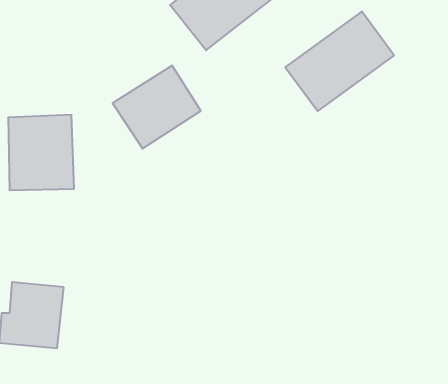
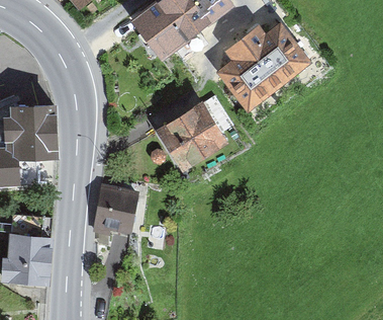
building: [113,66,201,149] -> [157,103,225,168]
building: none -> [107,186,145,233]

